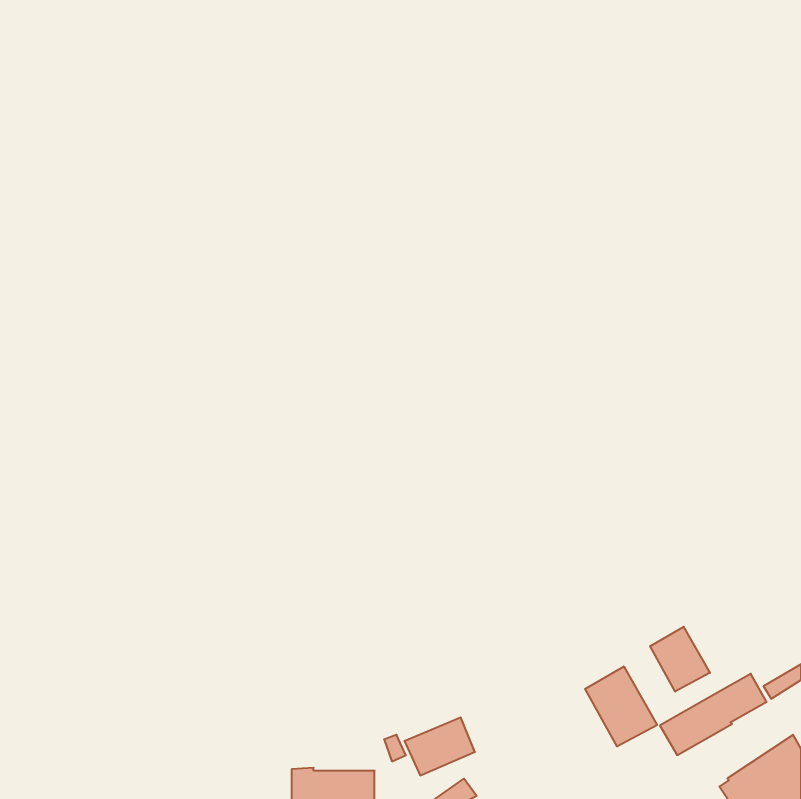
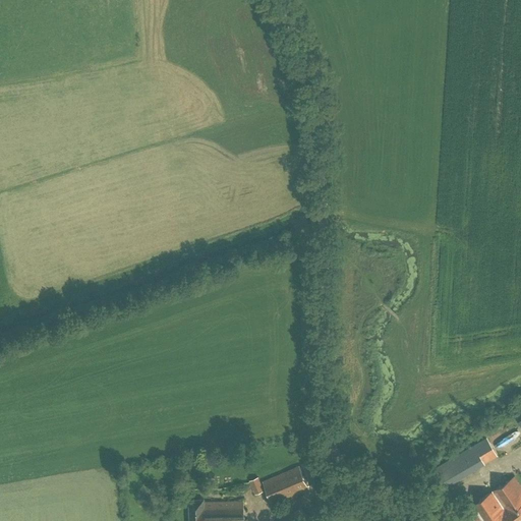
building: [650,627,710,692] -> none
building: [585,666,657,746] -> none

